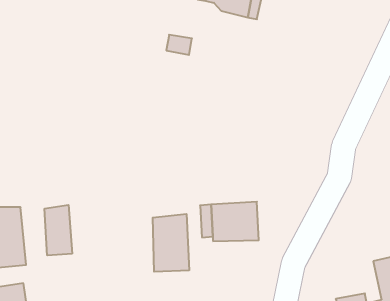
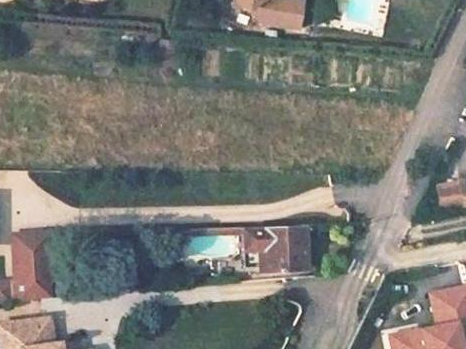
building: [45,205,72,255] -> none
building: [153,214,189,272] -> none

